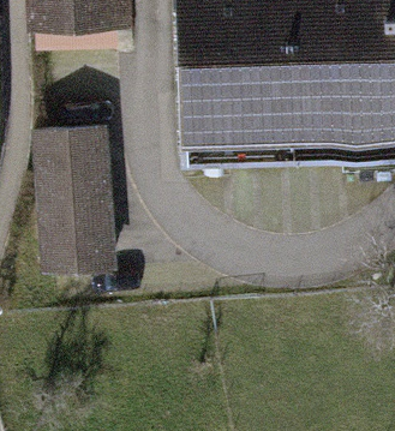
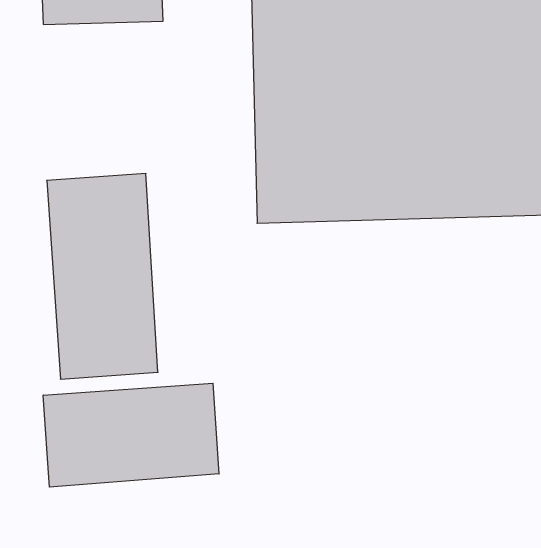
building: none -> [43,383,219,487]

